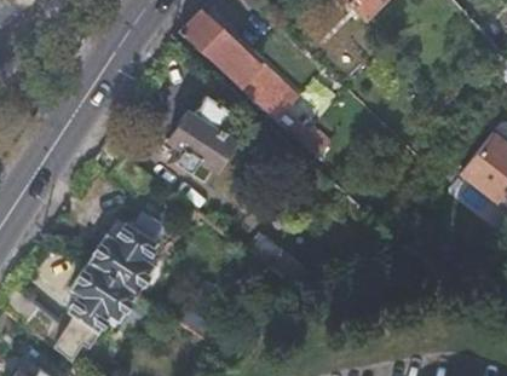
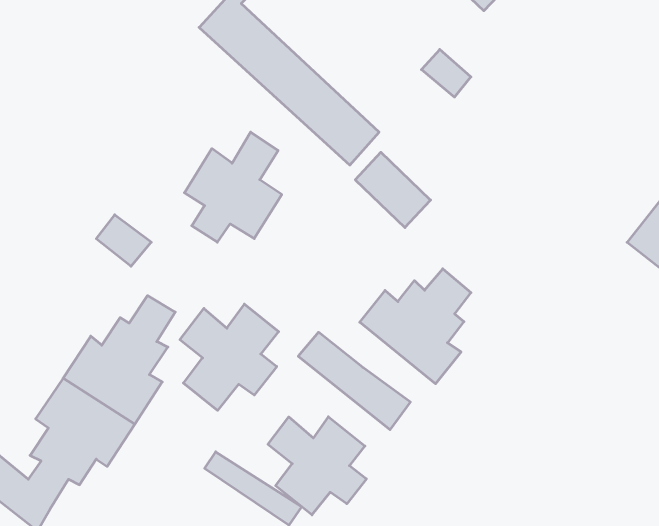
building: none -> [360,269,471,384]
building: none -> [180,304,279,410]
building: none -> [268,417,366,515]

